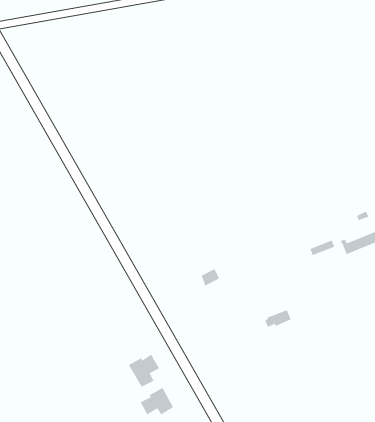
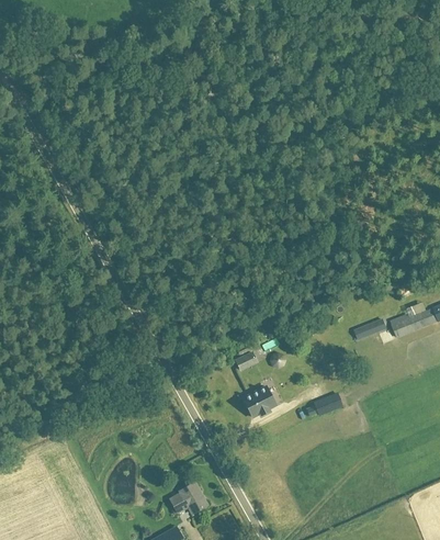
building: none -> [241,385,274,416]
building: [128,354,160,388] -> none

